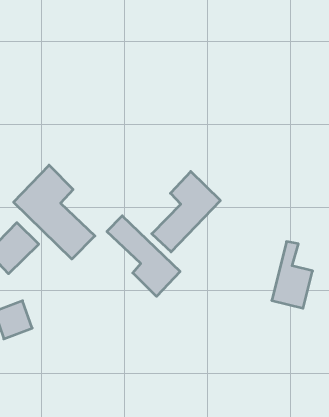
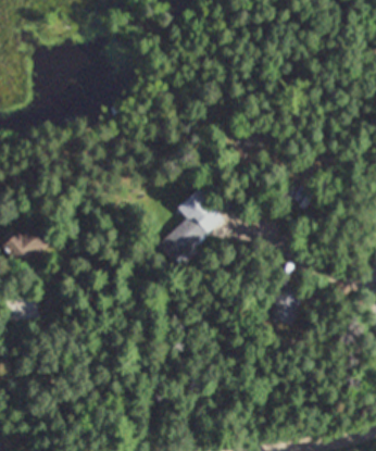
building: [14,165,95,259] -> none
building: [107,216,180,296] -> none

